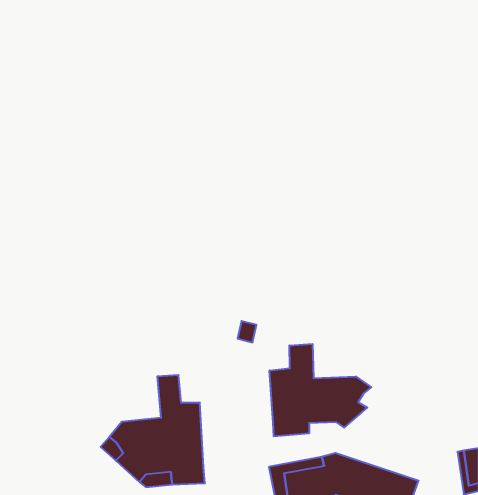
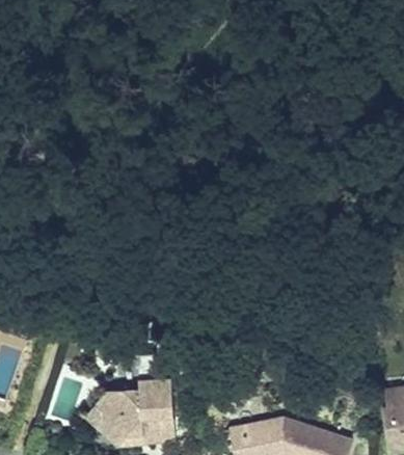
building: [270,344,371,436] -> none

